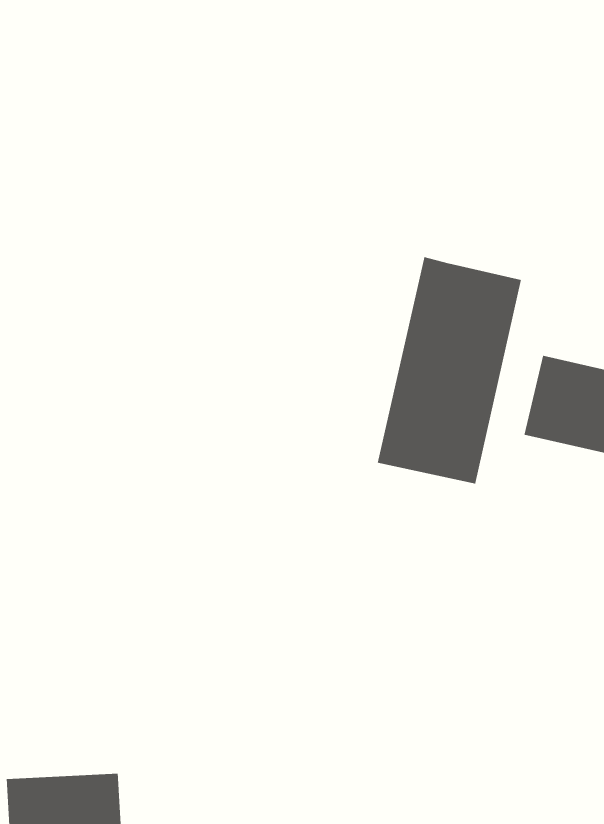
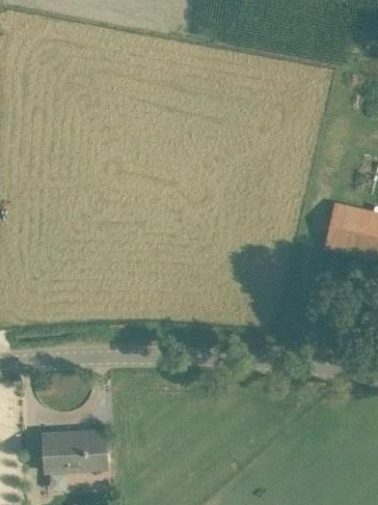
building: [377,256,522,485] -> none

